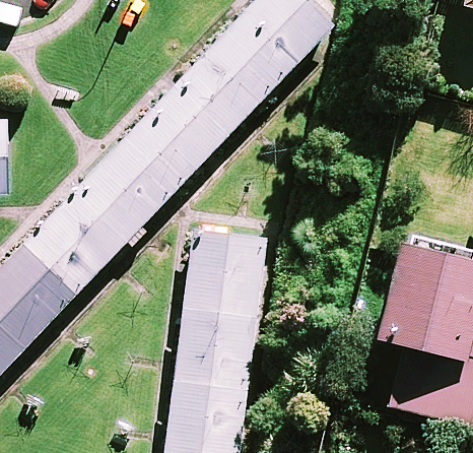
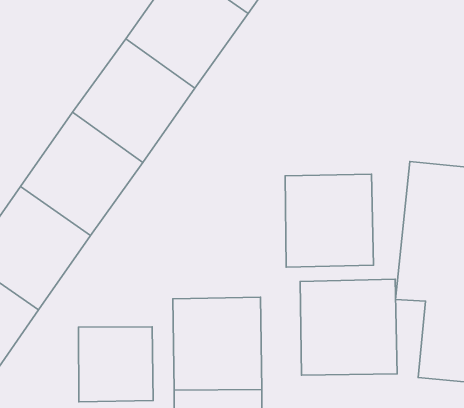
building: [187,229,268,313] -> [285,174,374,267]
building: none -> [300,279,397,375]
building: none -> [79,327,153,402]

